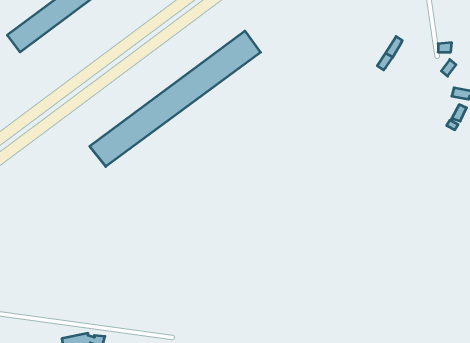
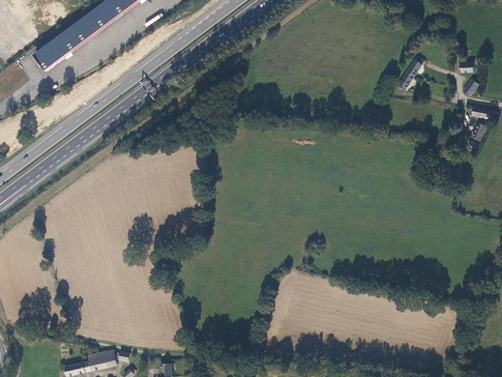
building: [90,31,261,167] -> none

